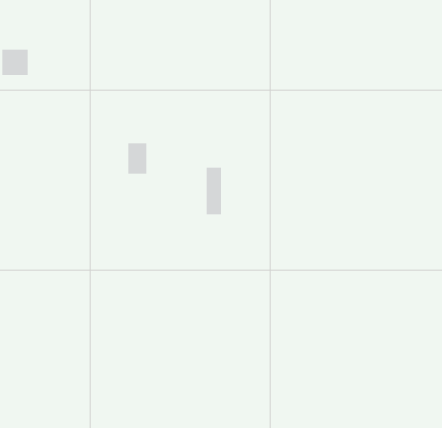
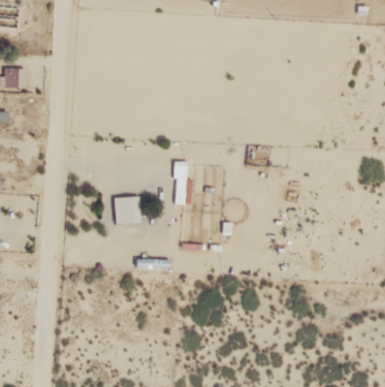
building: [127,143,147,175] -> [122,196,138,223]

